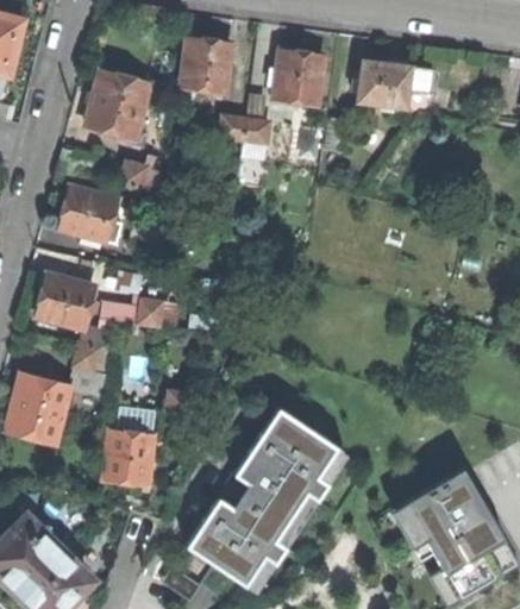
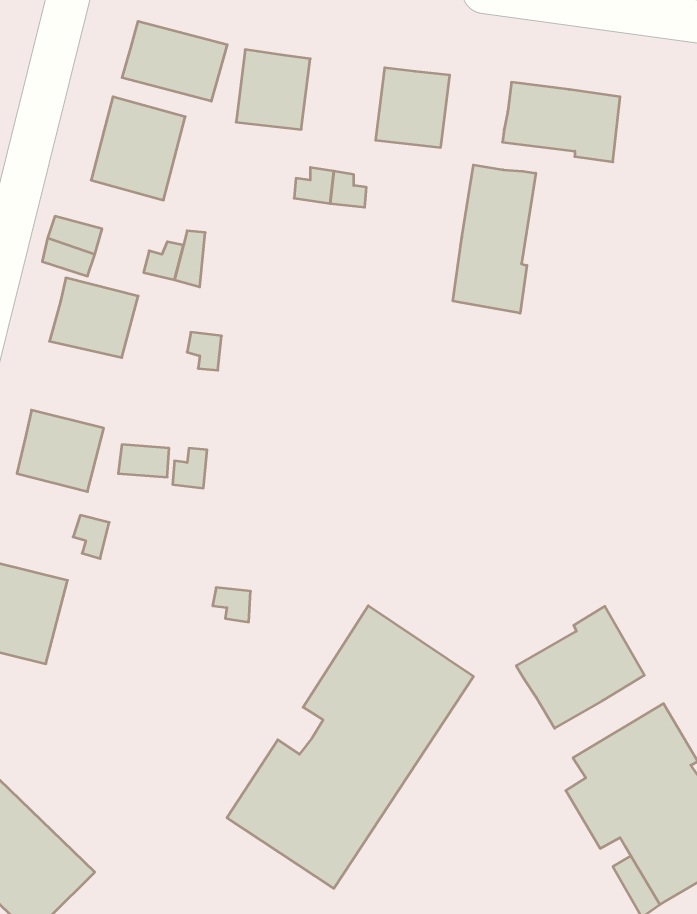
building: none -> [122,21,227,101]
building: none -> [453,165,536,313]
building: none -> [516,606,644,728]
building: [105,408,155,484] -> none

